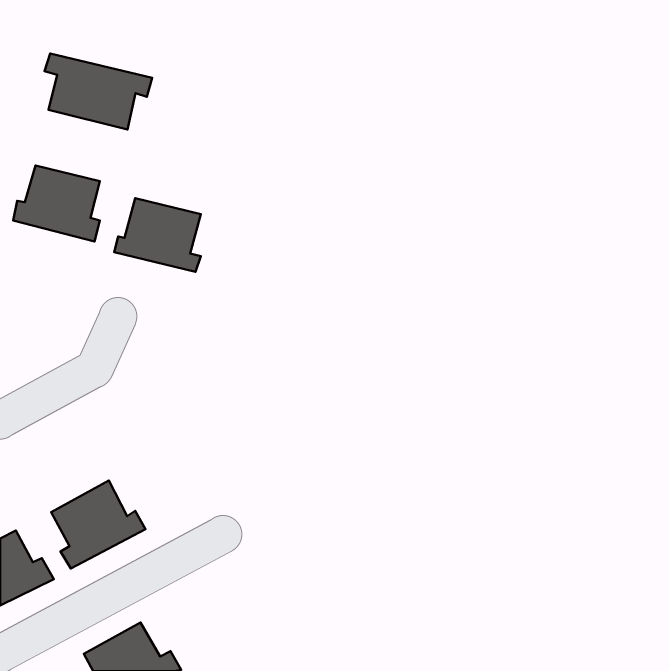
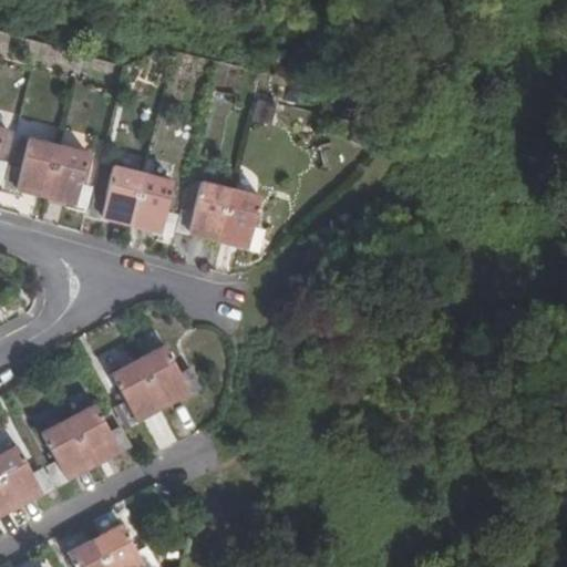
building: [44,54,152,130] -> none
building: none -> [184,183,258,246]
building: none -> [114,347,195,422]

